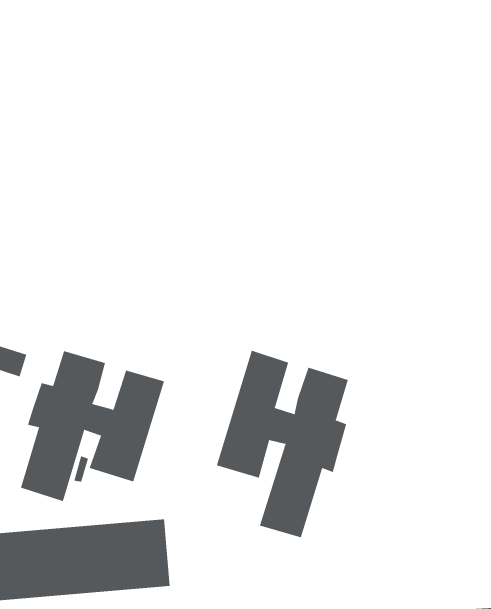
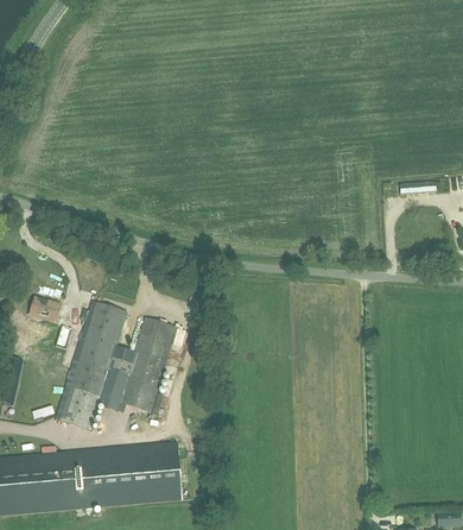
building: [216,350,348,538] -> none

